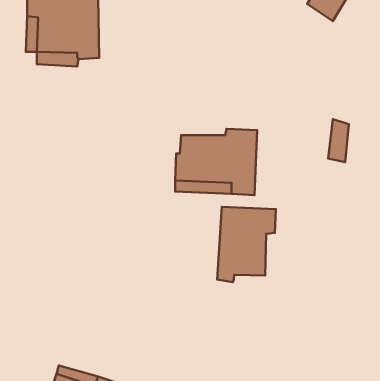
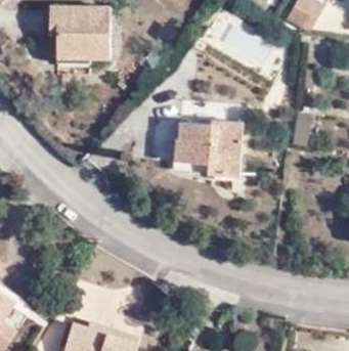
building: [217,207,276,282] -> none

